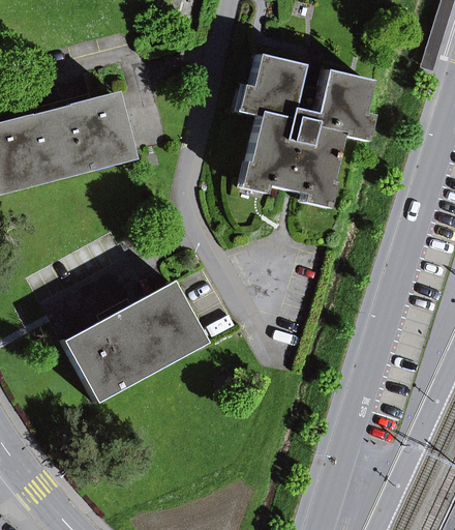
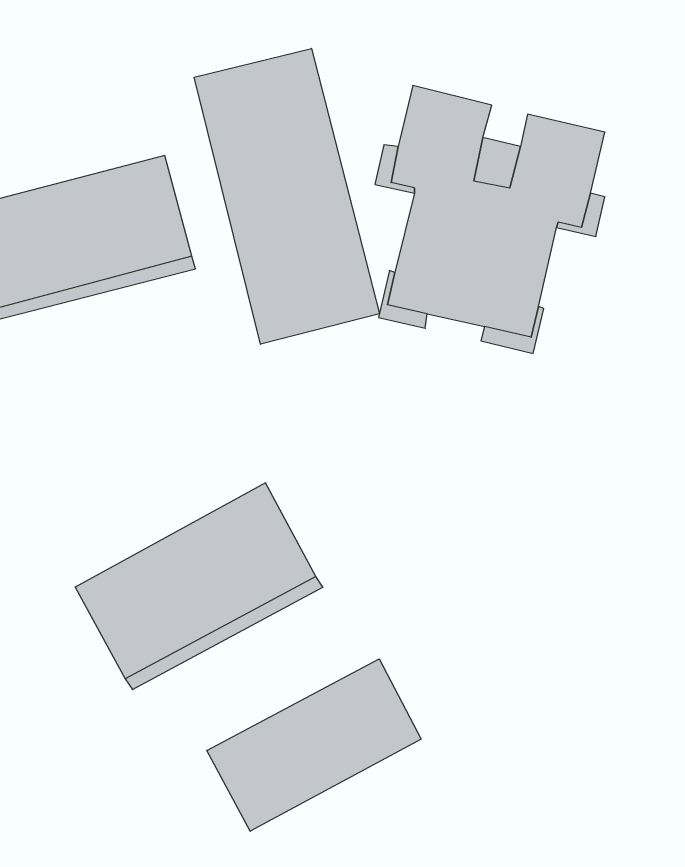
building: none -> [194,48,379,344]
building: none -> [207,659,421,831]

